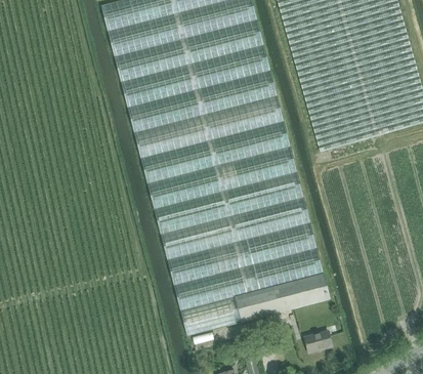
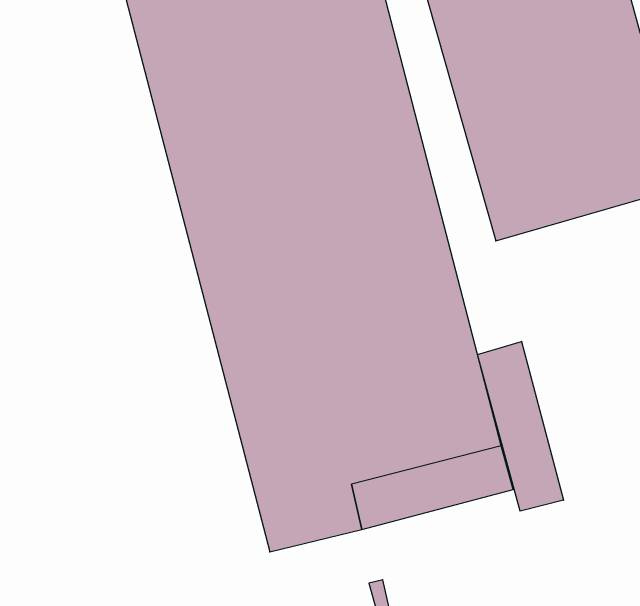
building: none -> [477,341,564,511]
building: [304,330,332,352] -> none

